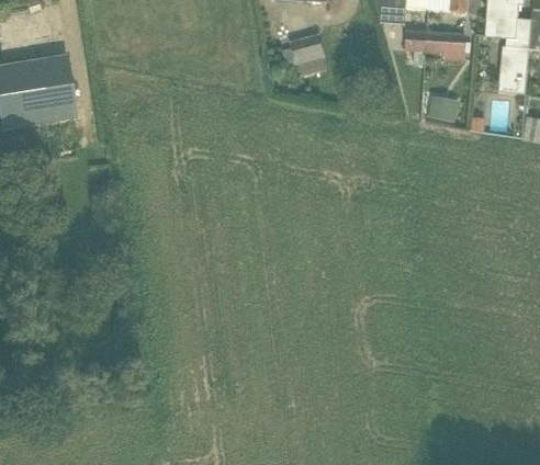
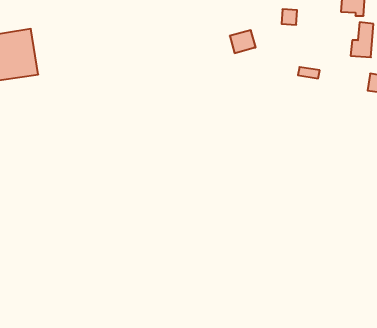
building: [425,30,465,56] -> none
building: [290,32,325,63] -> [230,30,256,53]

